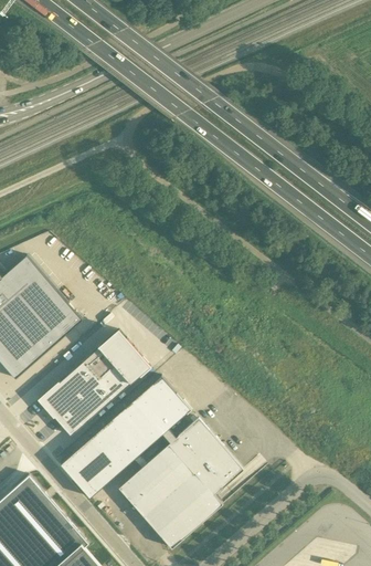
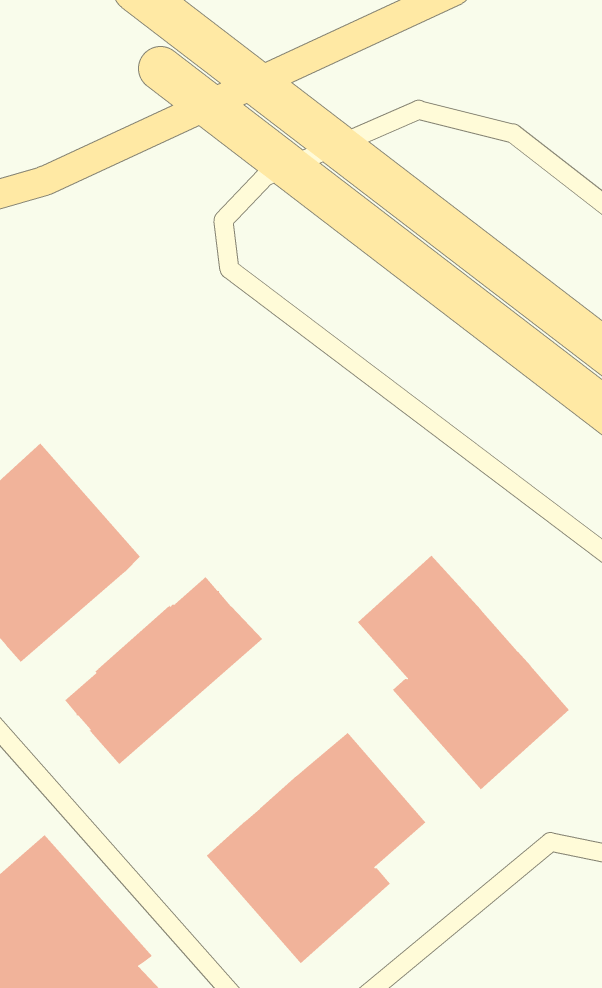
building: none -> [357,555,570,790]
building: [59,376,190,499] -> none

